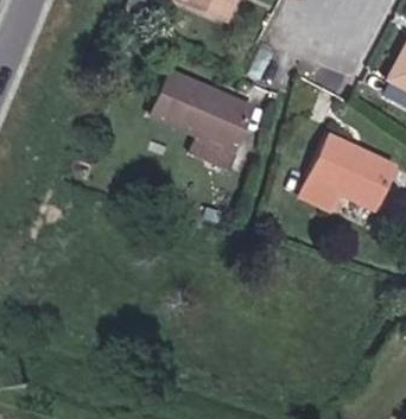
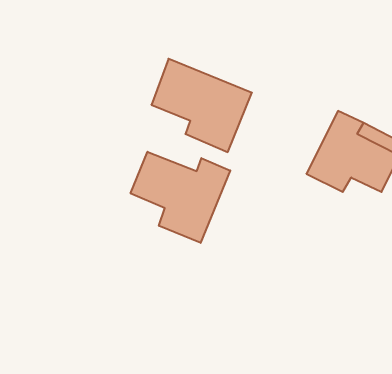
building: none -> [131,152,230,243]

